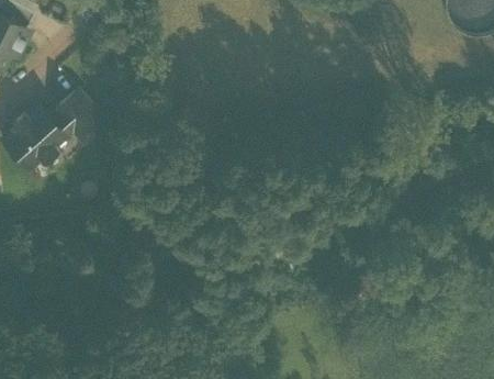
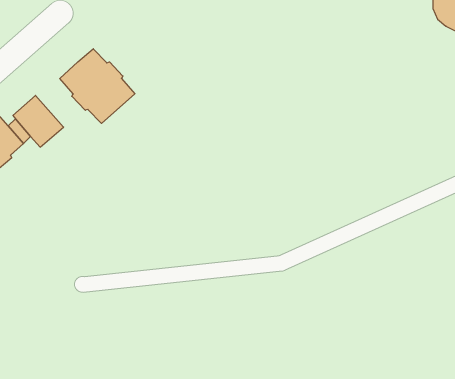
building: none -> [60,49,135,123]

